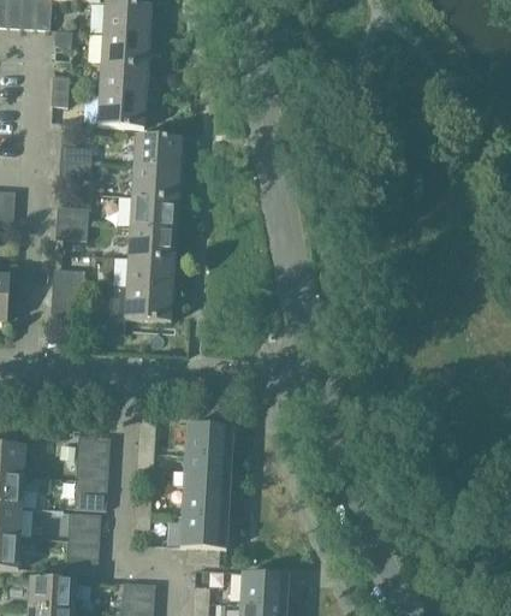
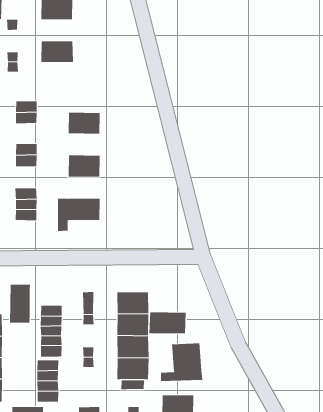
building: [102,31,149,64] -> none
building: [99,91,147,125] -> none
building: [135,132,182,167] -> none
building: [131,194,178,227] -> none
building: [127,255,174,288] -> none
building: none -> [9,284,31,323]
building: none -> [149,312,186,334]
building: none -> [161,343,203,382]

